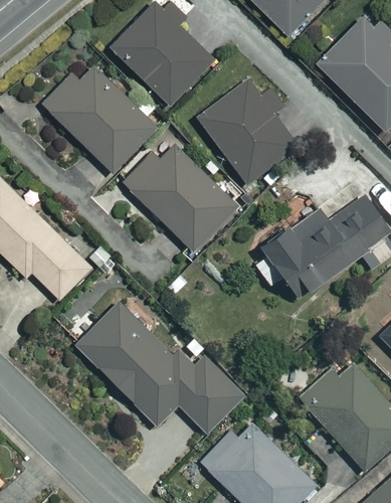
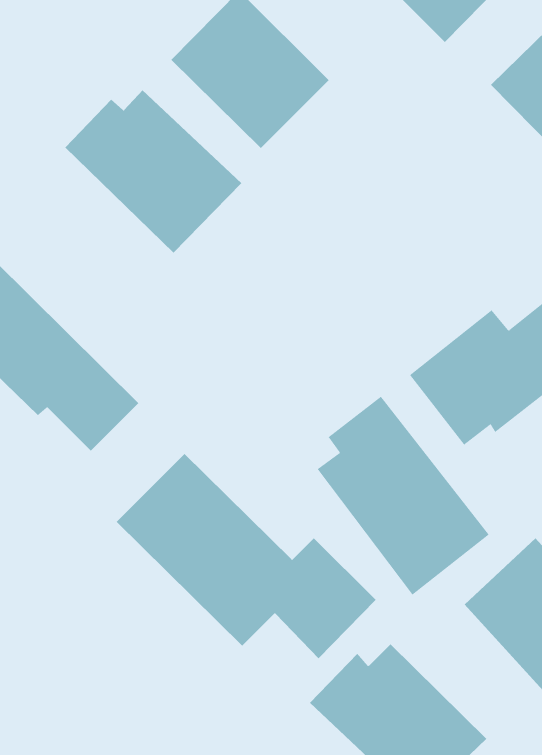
building: [197,79,313,182] -> none
building: [123,137,236,250] -> none
building: none -> [317,396,490,595]

